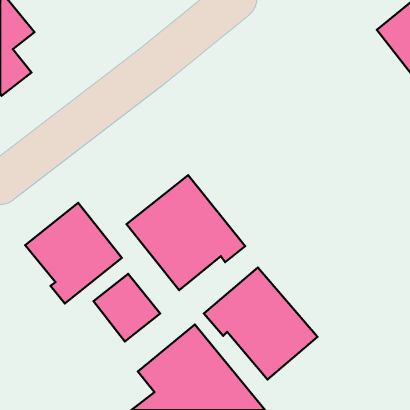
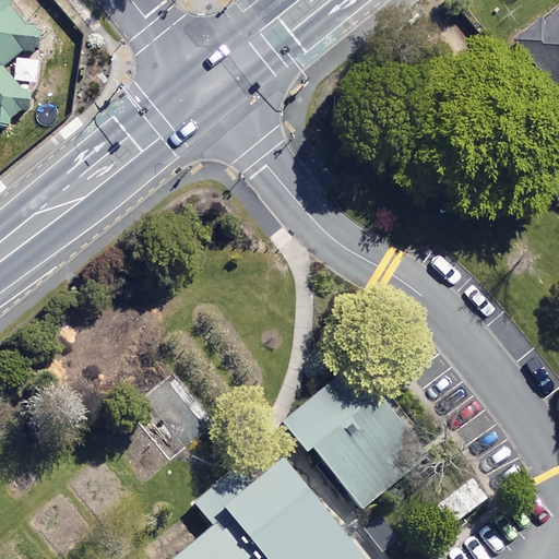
building: [127,175,245,290] -> none
building: [25,203,122,303] -> none

